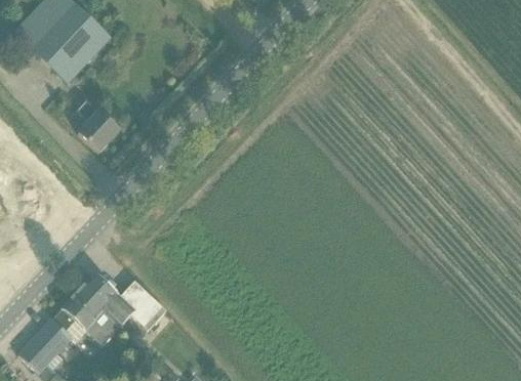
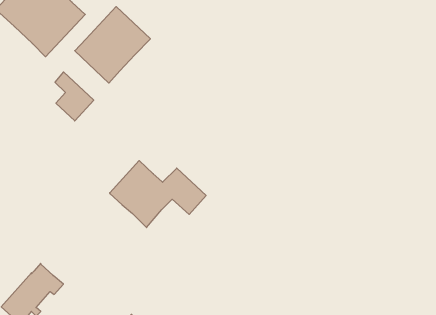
building: none -> [75,7,150,83]
building: [63,272,167,345] -> [110,161,206,228]

